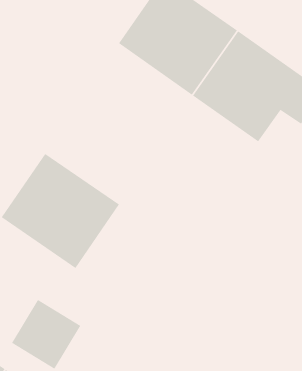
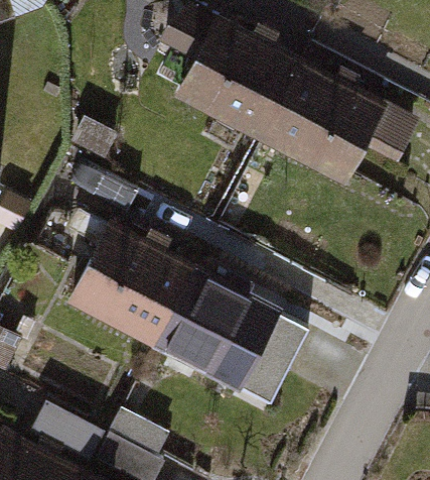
building: none -> [159,274,315,397]

